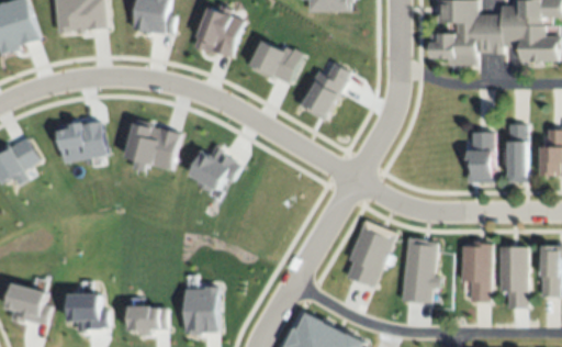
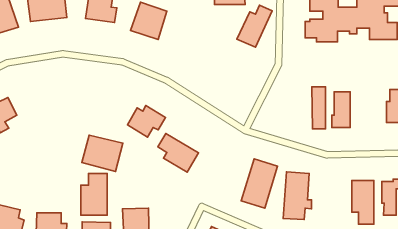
building: [249,41,303,86] -> none
building: [301,63,349,120] -> [237,5,272,47]
building: [56,120,105,163] -> none
building: [124,121,180,170] -> [82,135,123,171]
building: [507,121,526,178] -> [312,87,326,129]
building: none -> [158,133,199,172]
building: none -> [81,173,107,215]
building: [456,248,485,304] -> none

